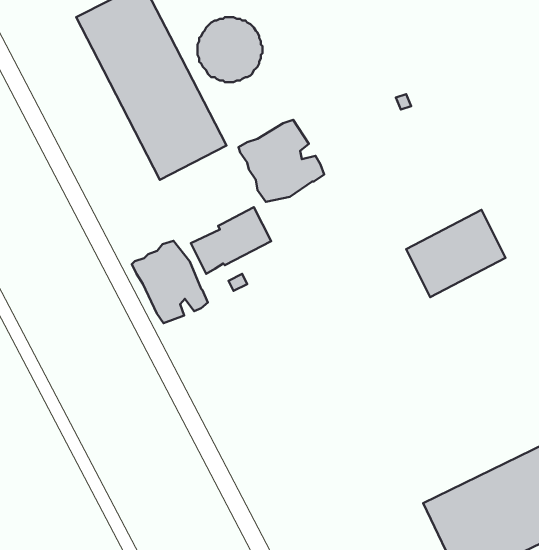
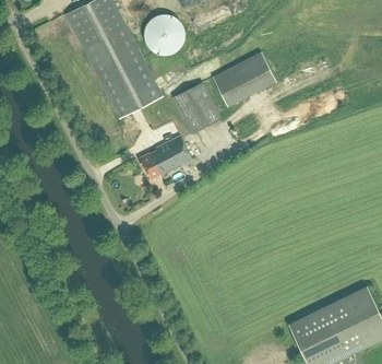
building: [406,210,505,297] -> [212,51,275,107]
building: [132,241,208,323] -> none

